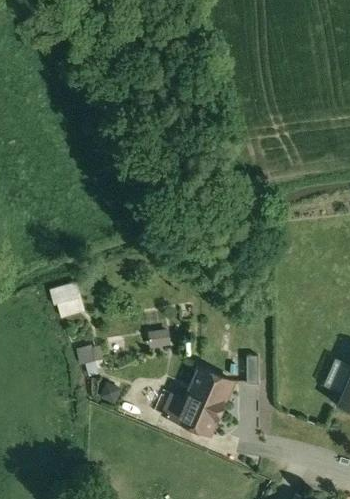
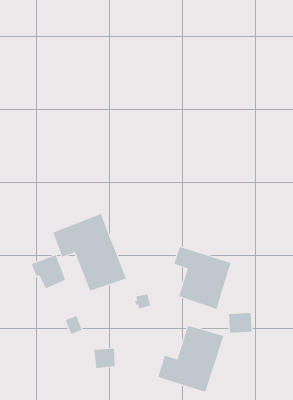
building: none -> [52,213,127,292]
building: none -> [174,246,231,310]

